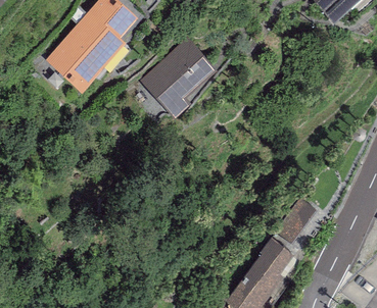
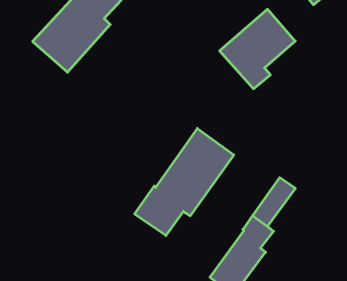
building: [139,38,217,119] -> [220,9,295,89]
building: none -> [135,128,234,236]

